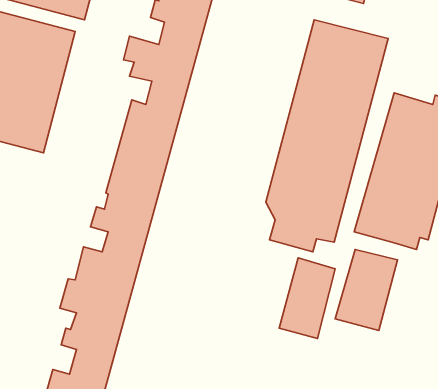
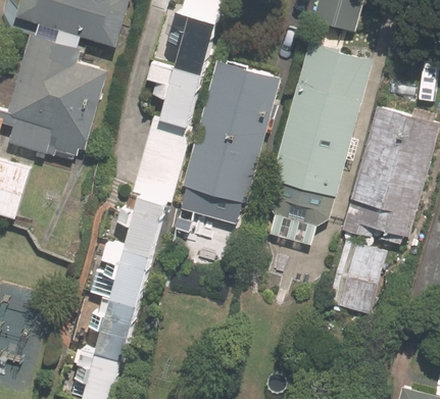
building: none -> [184,60,280,222]
building: [279,258,335,338] -> none

